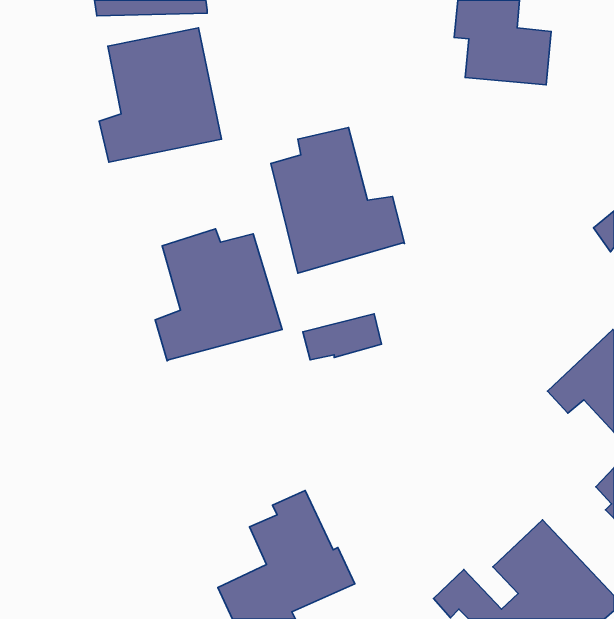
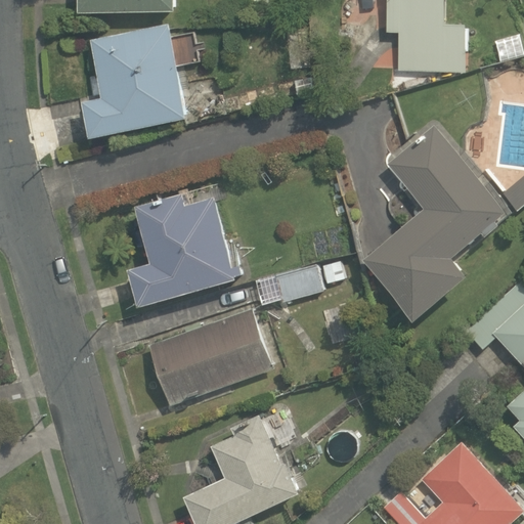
building: [271,128,404,273] -> none
building: none -> [361,126,508,324]
building: none -> [150,308,273,405]

